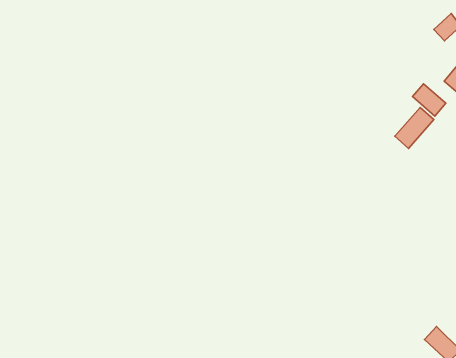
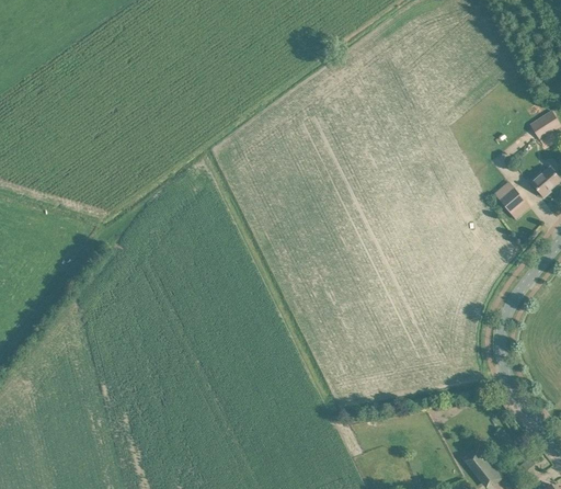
building: [395,107,434,148] -> none

